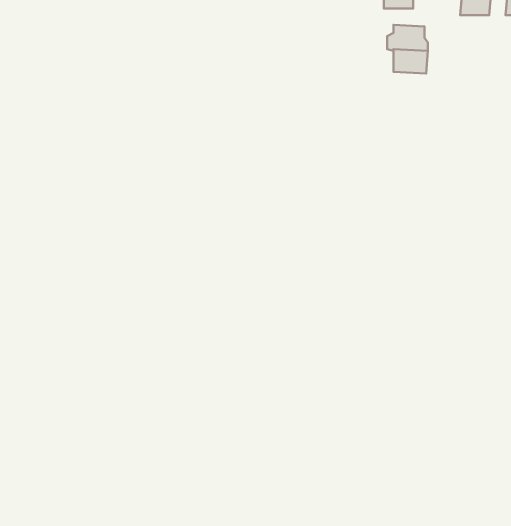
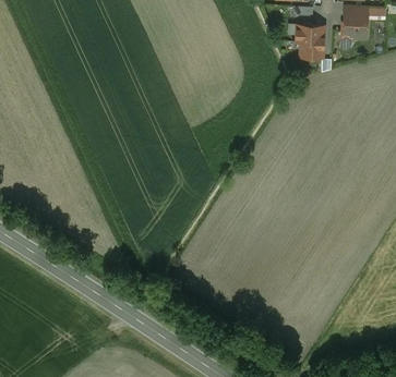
building: none -> [340,19,365,39]

